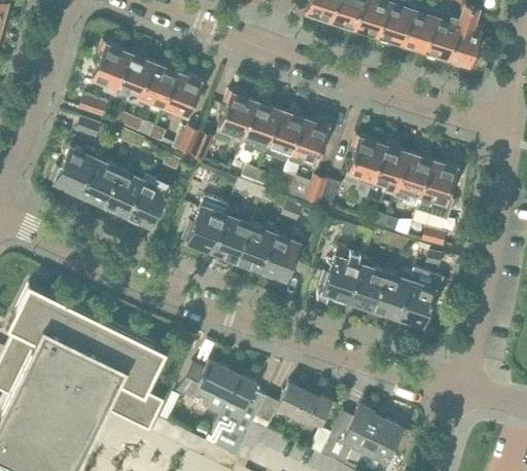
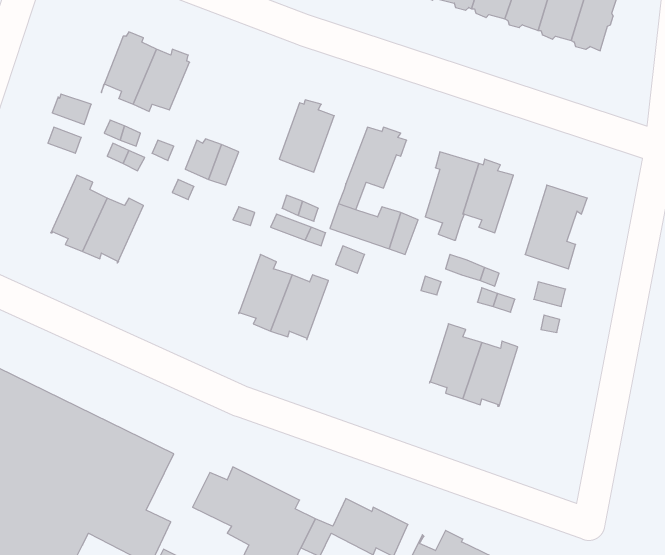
building: [92,43,130,94] -> none
building: [163,73,204,117] -> none
building: [214,90,255,147] -> none
building: [266,111,304,164] -> none
building: [50,147,97,194] -> none
building: [394,152,431,210] -> none
building: [126,175,174,228] -> none
building: [183,196,227,252] -> none
building: [260,228,303,281] -> none
building: [318,247,361,301] -> none
building: [397,268,444,328] -> none

